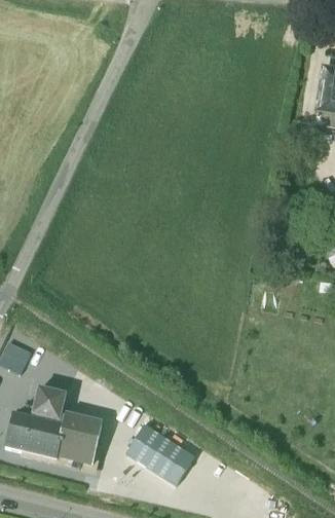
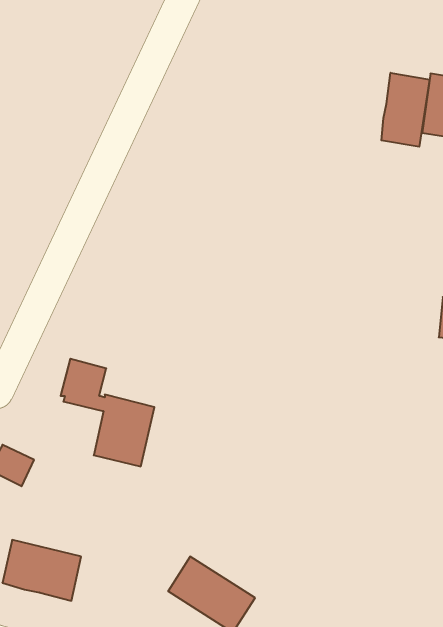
building: none -> [381,73,430,147]
building: [32,386,102,467] -> [61,359,154,466]

